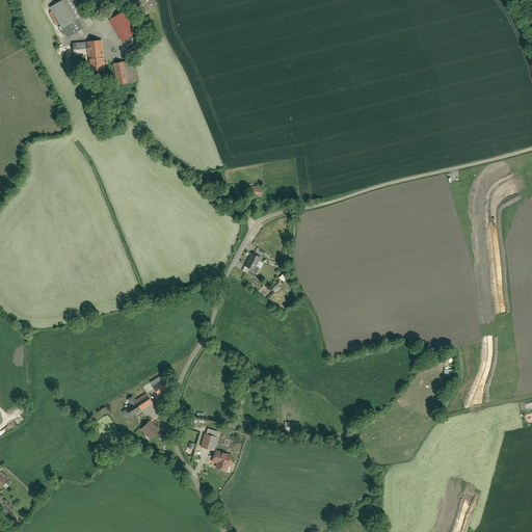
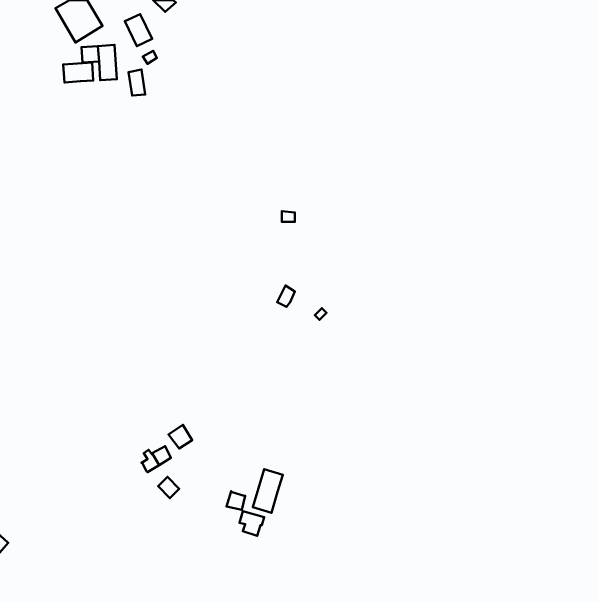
building: none -> [63,62,93,82]
building: none -> [253,469,283,513]

